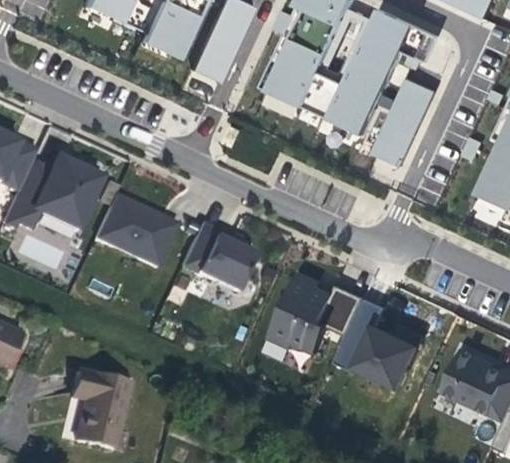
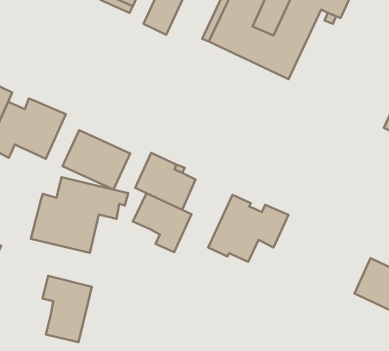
building: [371,78,436,172] -> none
building: none -> [31,177,128,253]
building: none -> [133,193,191,252]
building: [334,297,423,387] -> none

